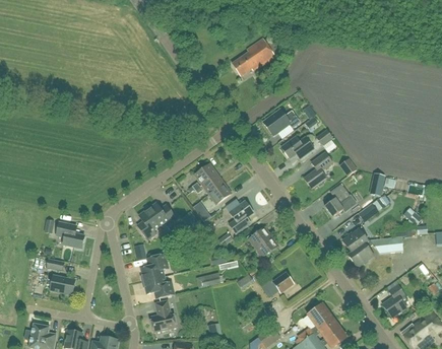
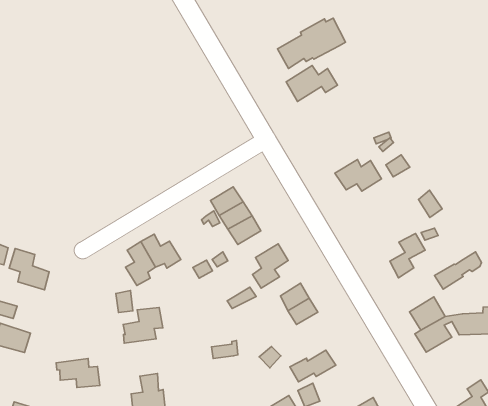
building: [263,110,300,136] -> [286,66,338,102]
building: [304,155,332,189] -> none
building: [142,276,175,297] -> [56,358,100,388]

